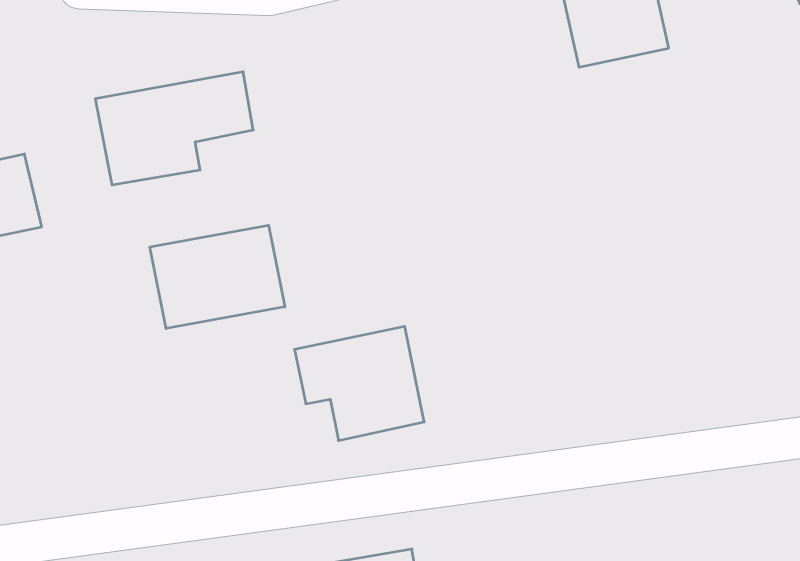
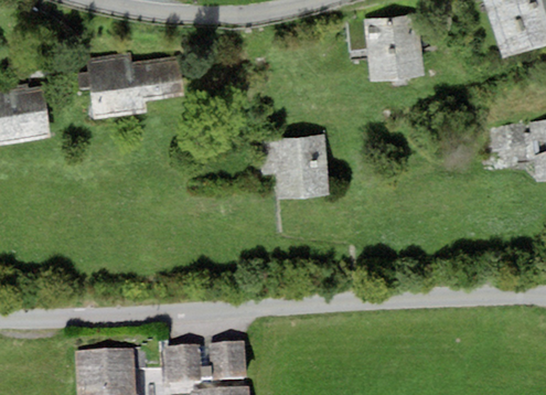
building: [150,225,285,329] -> none
building: [294,326,424,441] -> [259,134,330,195]

